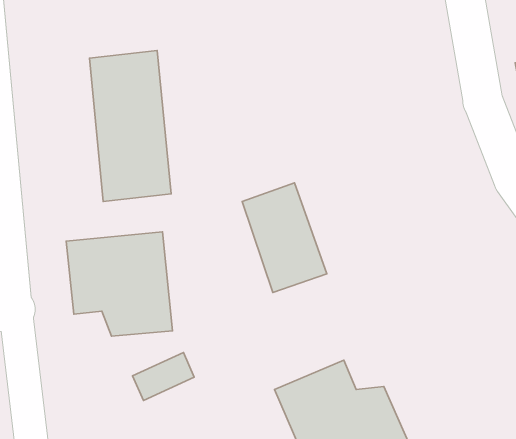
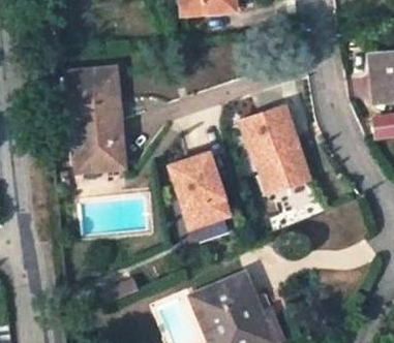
building: none -> [242,107,310,194]
building: [66,232,173,336] -> none

